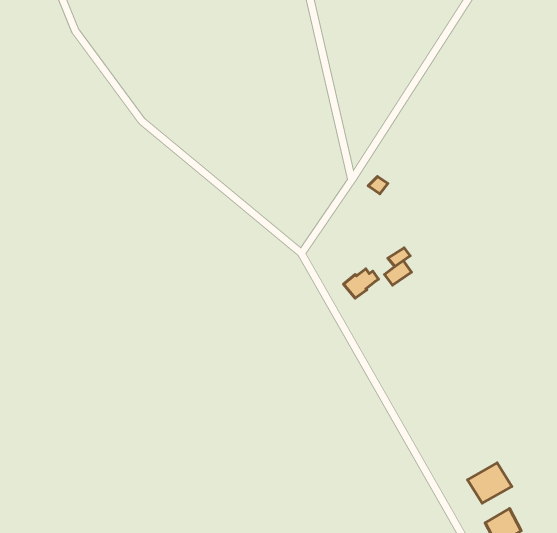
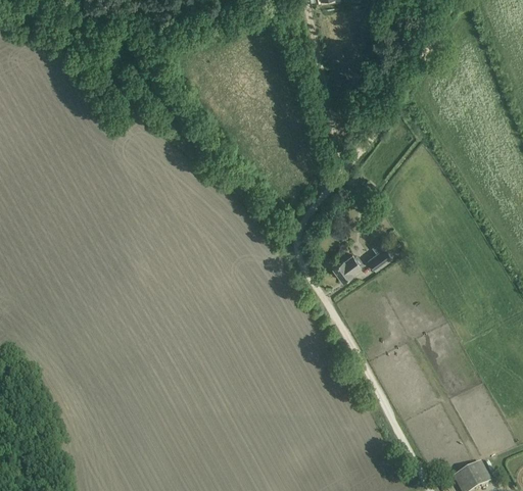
building: [468,463,512,503] -> none

